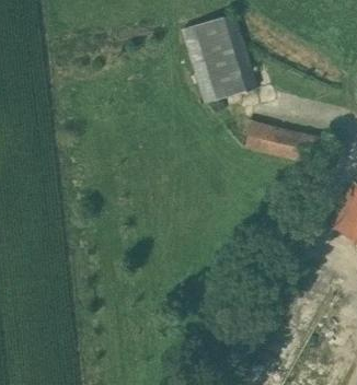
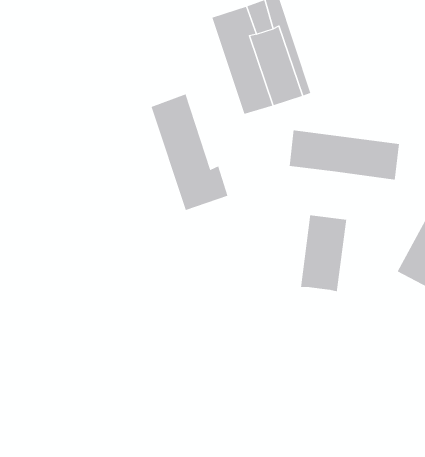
building: none -> [151,93,228,211]
building: none -> [300,214,347,292]

